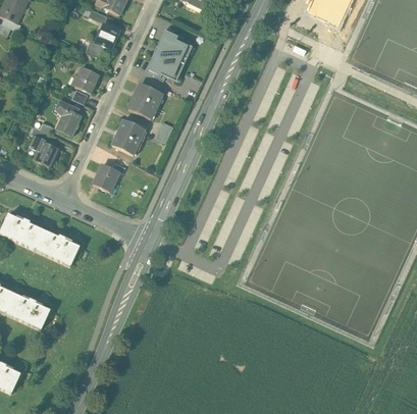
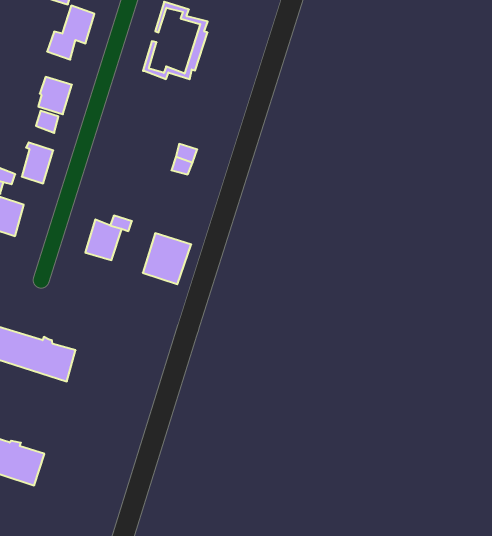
building: [149,33,186,76] -> none
building: [127,83,162,118] -> none
building: [111,119,145,154] -> [143,233,191,284]

